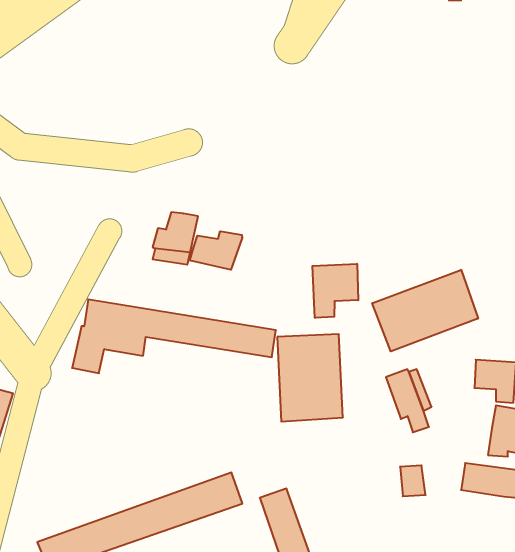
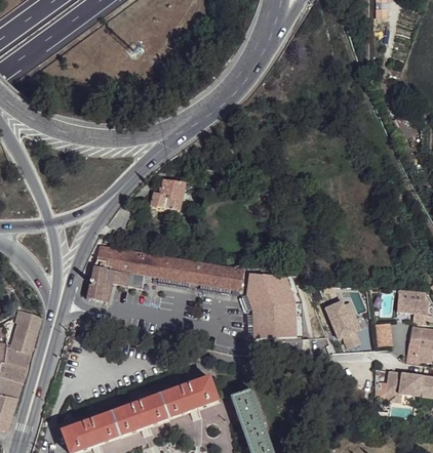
building: [190,231,242,270] -> none
building: [312,264,358,318] -> none
building: [372,270,478,351] -> none
building: [400,465,426,496] -> [373,326,393,349]

